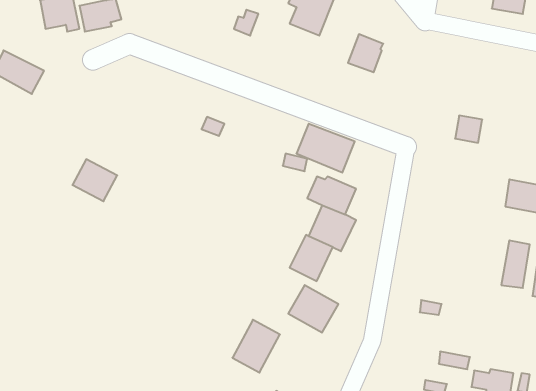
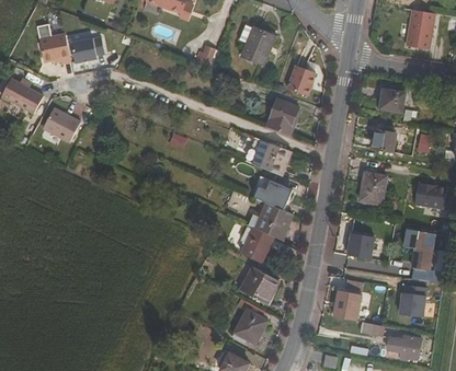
building: none -> [379,89,404,113]
building: none -> [266,97,300,136]
building: [72,159,117,201] -> [42,107,78,141]
building: none -> [358,172,386,205]
building: none -> [346,230,375,256]
building: none -> [398,289,425,314]
building: none -> [333,290,361,320]
building: [232,320,280,373] -> [233,302,272,345]

